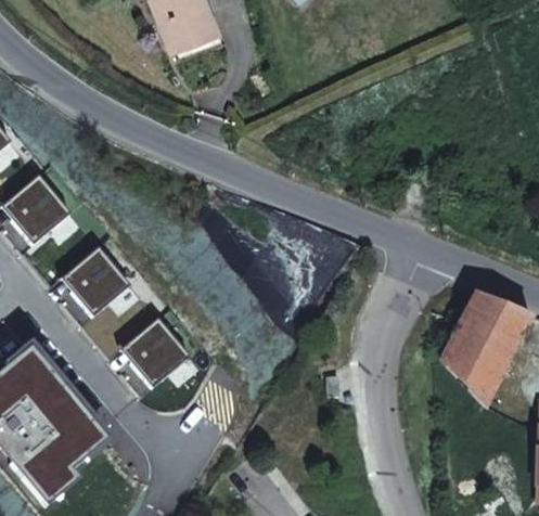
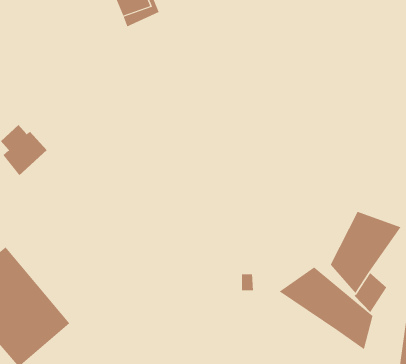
building: [72,250,133,317] -> none
building: [133,322,195,389] -> none
building: none -> [279,267,373,350]

